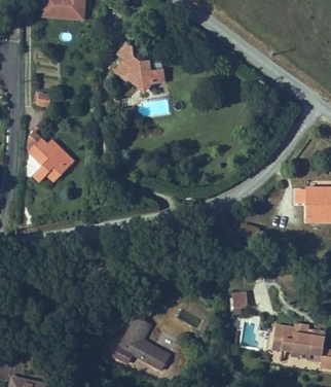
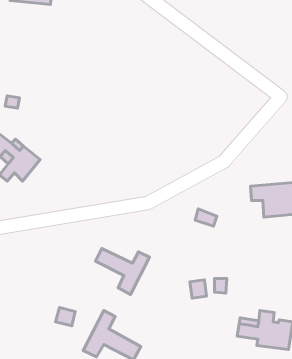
building: [123,47,172,98] -> none
building: none -> [96,248,150,295]

